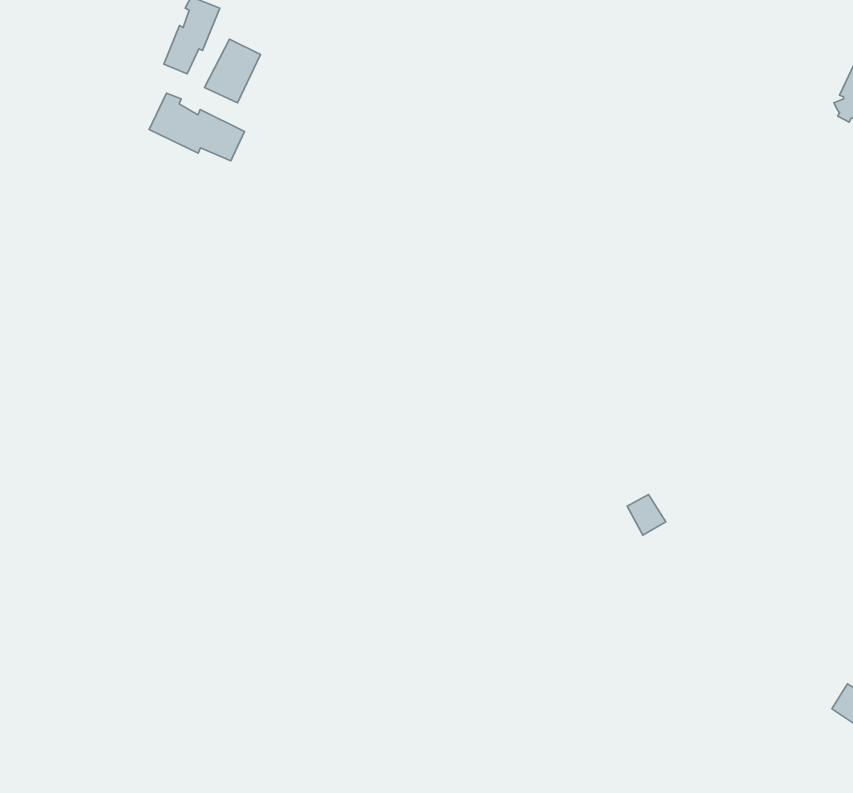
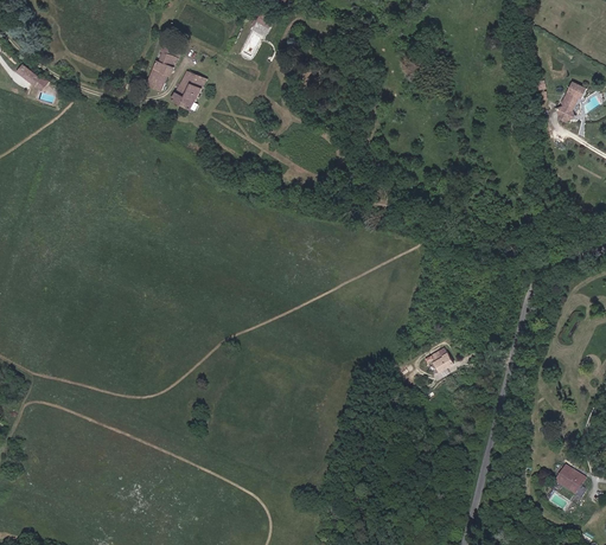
building: [149,93,245,161] -> none

